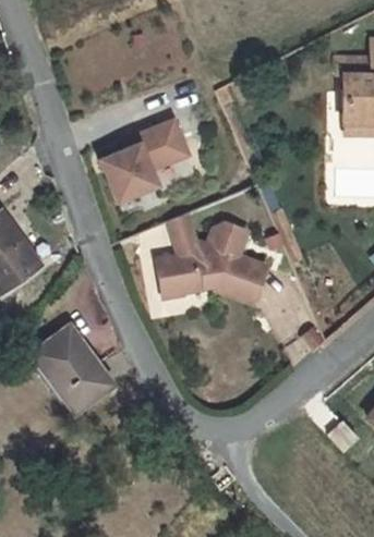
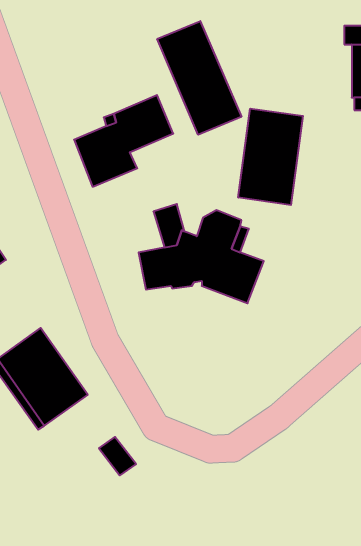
building: none -> [157,21,241,135]
building: none -> [238,109,303,205]

